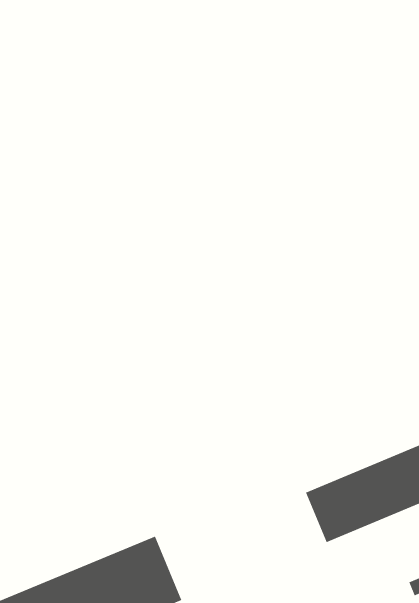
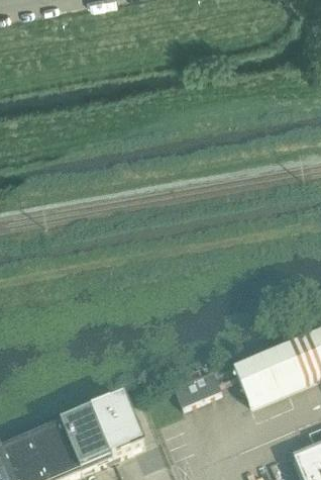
building: none -> [172,371,219,406]

